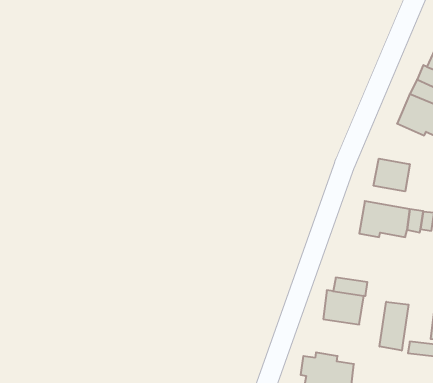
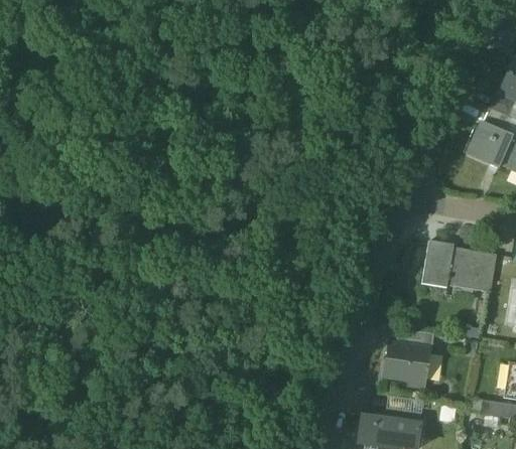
building: [374,159,410,191] -> none
building: [380,302,409,351] -> none

